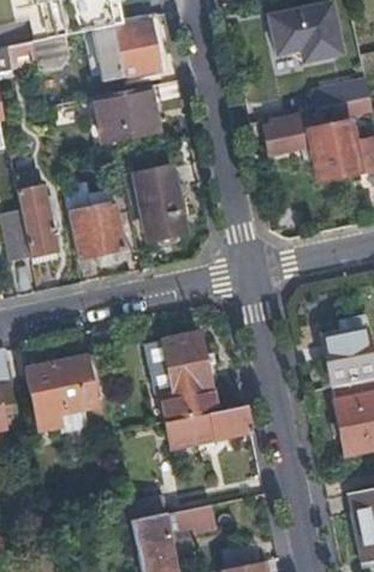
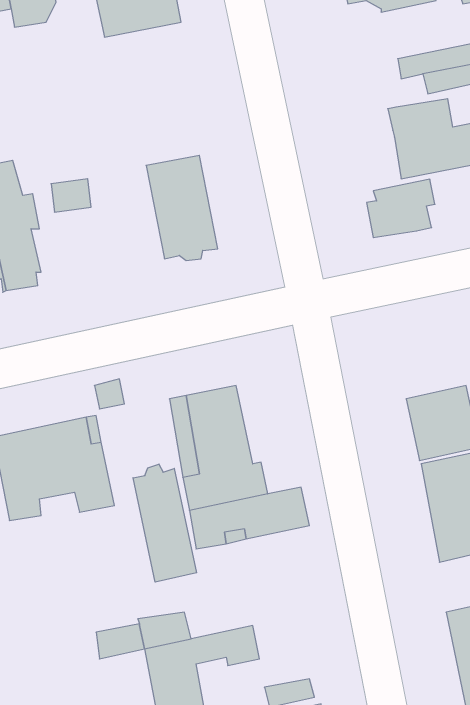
building: [94,88,160,143] -> none
building: [265,113,314,155] -> [367,179,435,238]
building: [67,202,125,257] -> none
building: none -> [133,464,197,582]

